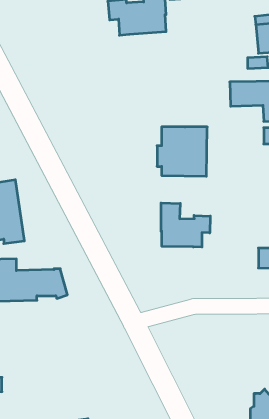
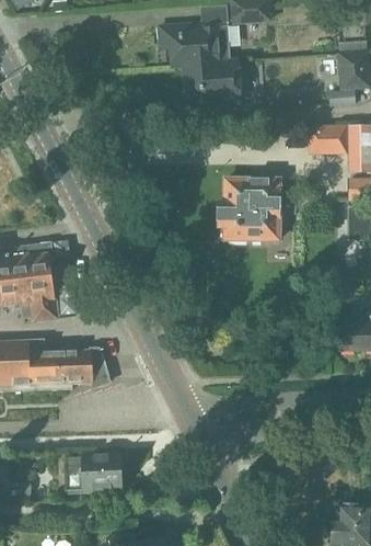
building: none -> [185,59,241,103]
building: [161,203,210,247] -> none
building: none -> [67,455,120,491]

